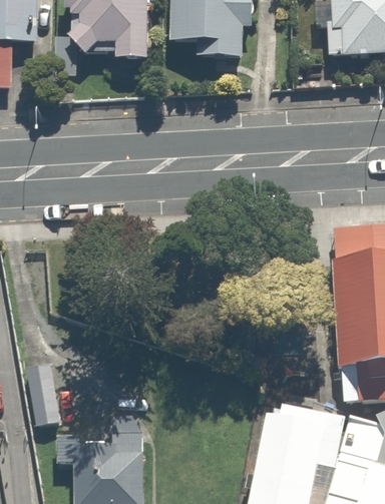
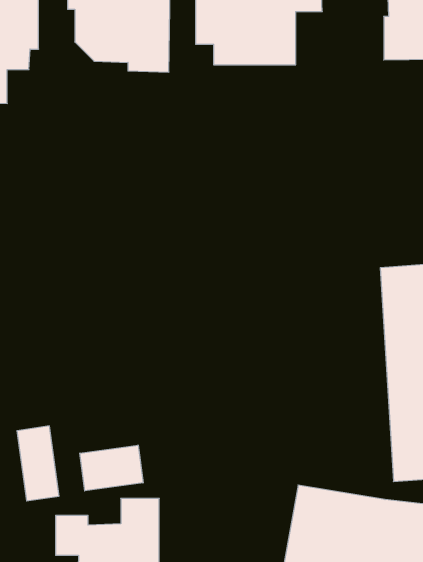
building: none -> [80,445,143,491]

